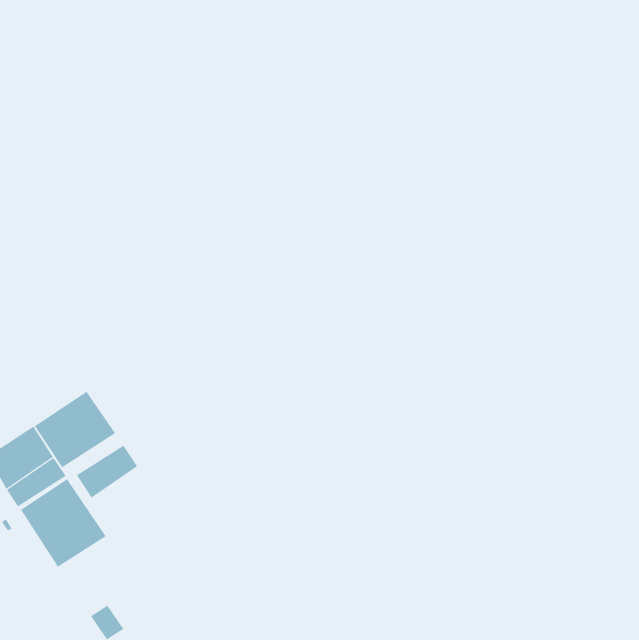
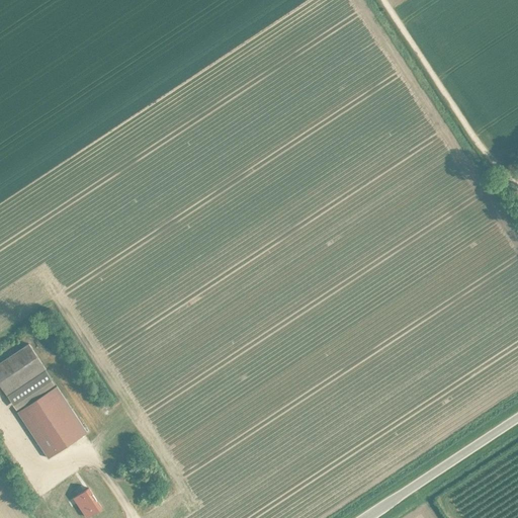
building: [34,391,116,468] -> none
building: [76,445,138,498] -> none

